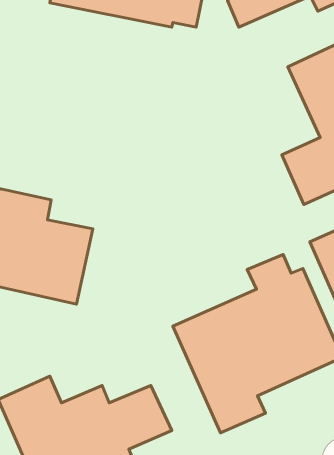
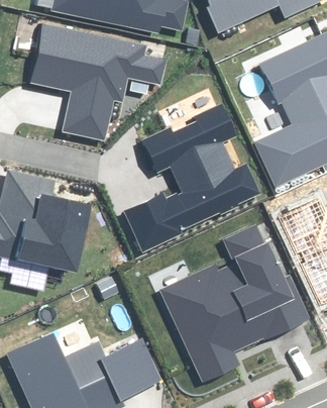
building: none -> [30,25,164,139]
building: none -> [125,107,259,250]

